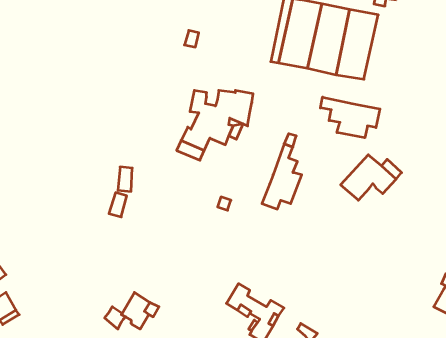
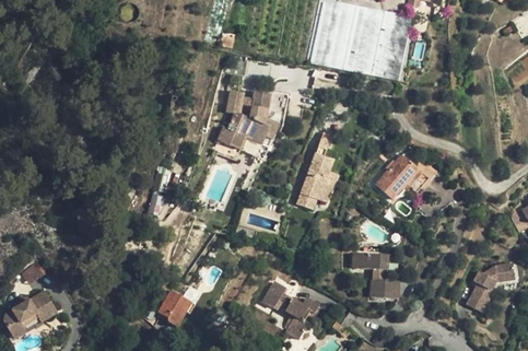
building: [320,97,380,138] -> none
building: none -> [353,251,399,299]

